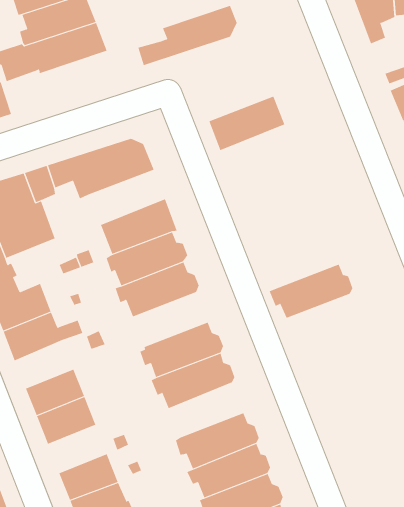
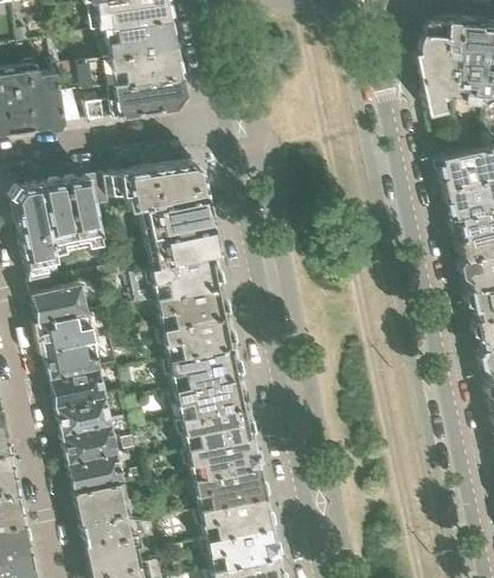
building: [137,5,237,66] -> [88,77,185,120]
building: [208,96,285,151] -> [141,195,212,238]
building: [269,264,353,319] -> [156,316,236,359]
building: none -> [45,340,100,379]
building: none -> [175,406,256,449]
building: none -> [63,424,117,463]

